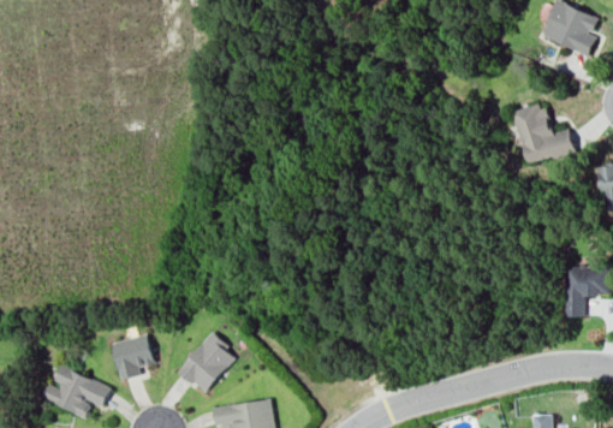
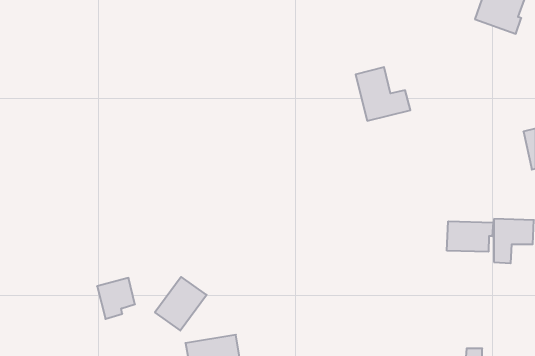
building: [513,103,576,165] -> [356,67,410,121]
building: none -> [447,221,493,252]
building: [41,367,112,417] -> none

